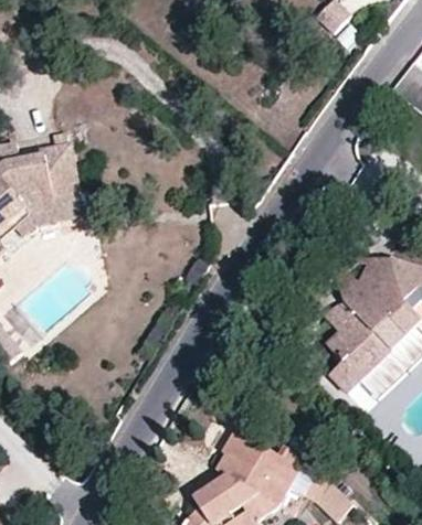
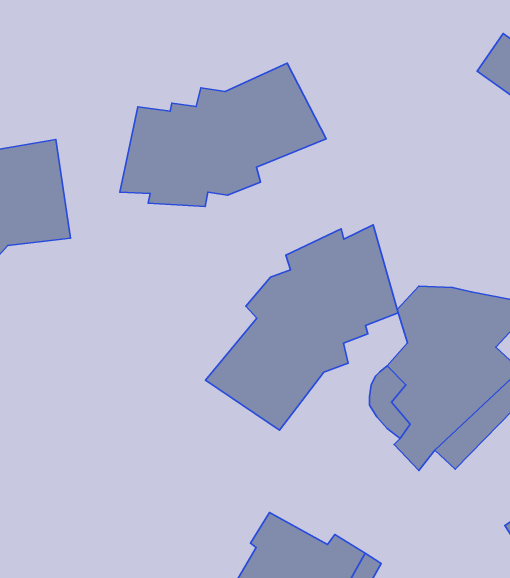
building: none -> [120,63,326,207]
building: none -> [206,225,398,430]

